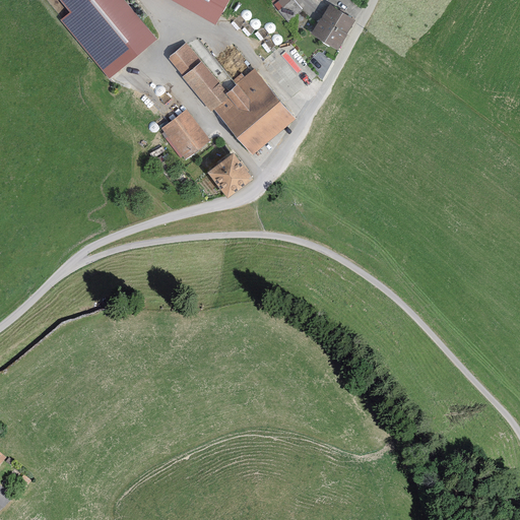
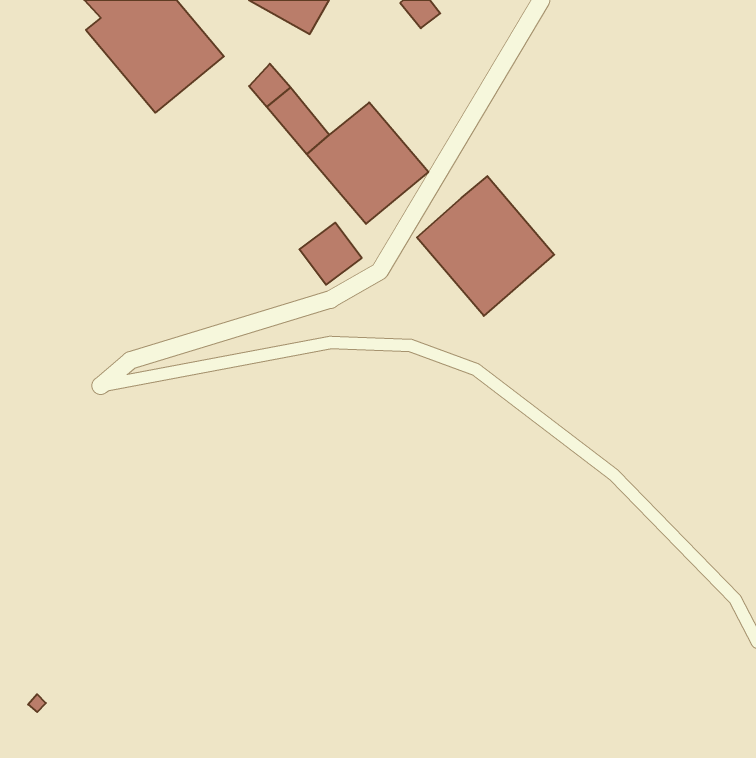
building: [311,5,353,49] -> none
building: [159,111,208,160] -> none
building: none -> [417,176,554,316]

